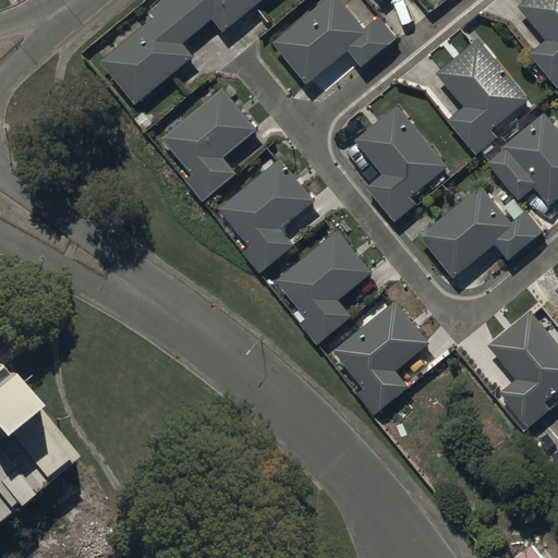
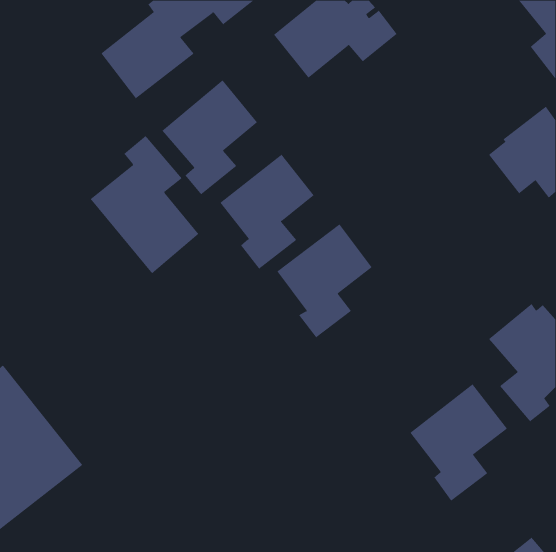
building: [436,37,527,156] -> none
building: [354,104,448,223] -> none
building: none -> [90,135,199,274]
building: [420,184,545,276] -> none
building: [331,299,429,416] -> [409,384,508,501]

